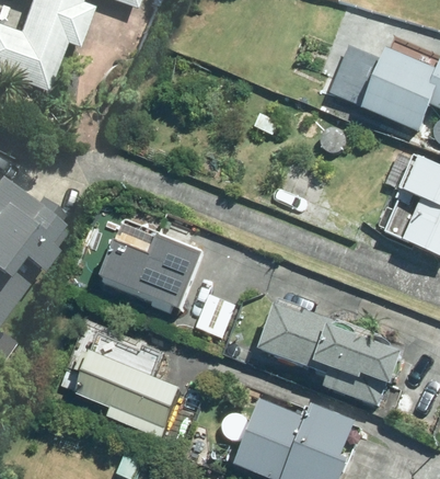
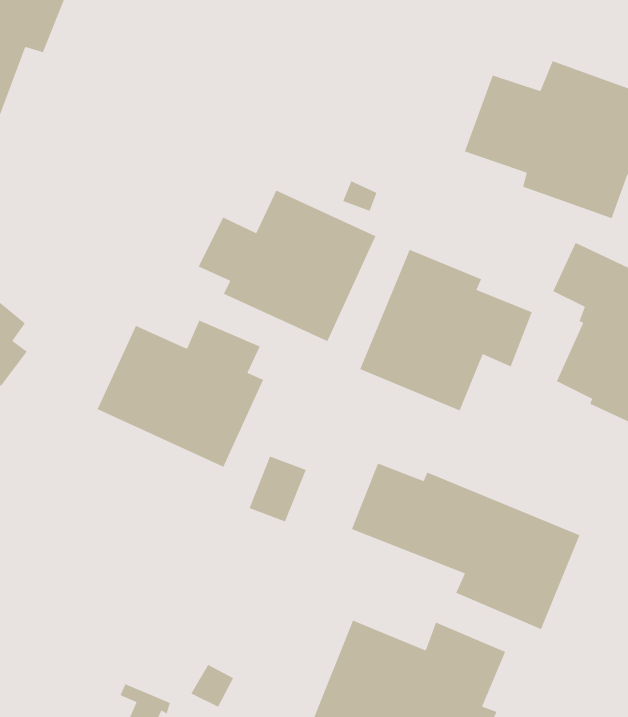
building: none -> [197,190,377,342]
building: none -> [359,249,533,412]
building: [79,338,182,441] -> none

